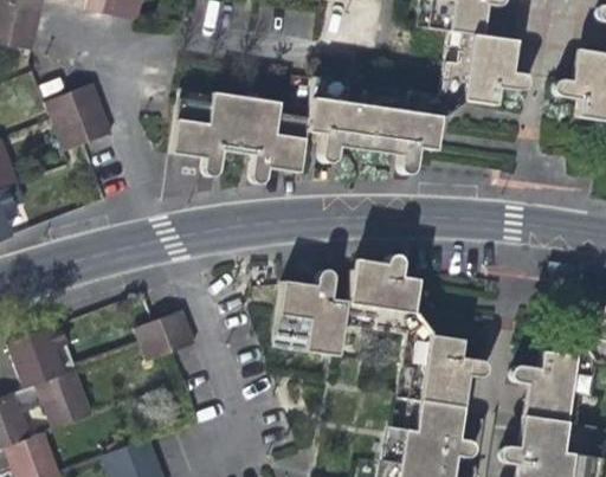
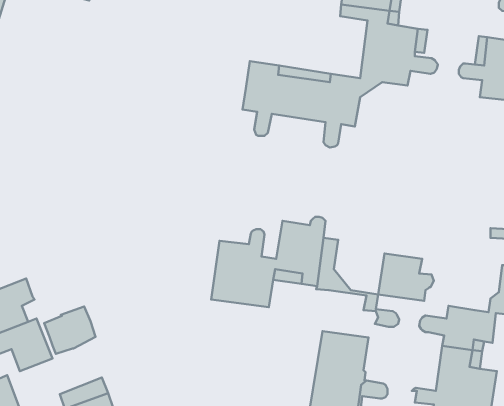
building: [43,73,114,148] -> none
building: [175,90,312,182] -> none
building: [138,308,196,361] -> [44,307,96,354]
building: [399,336,462,389] -> [378,253,434,301]

